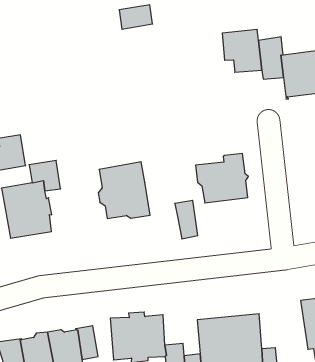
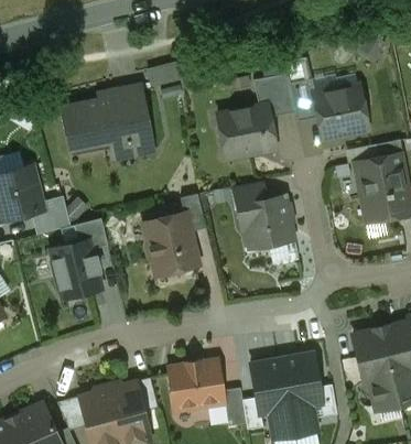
building: none -> [62,87,152,155]
building: none -> [219,105,275,159]
building: none -> [232,181,266,212]
building: [175,200,198,239] -> [180,194,205,232]

